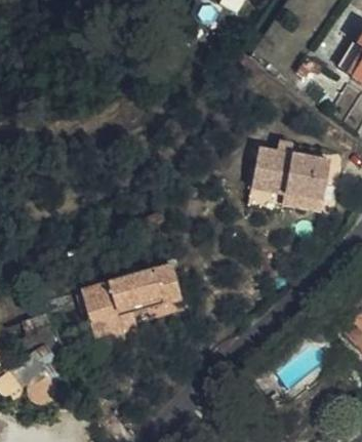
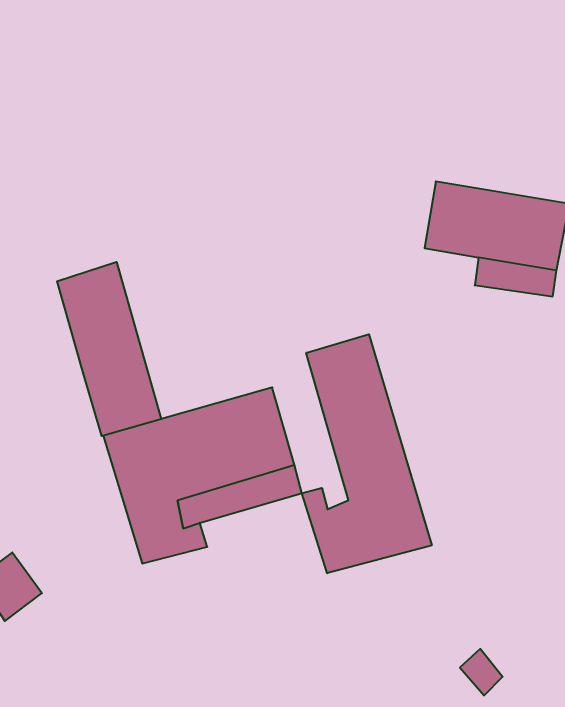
building: none -> [57,262,161,436]
building: none -> [302,334,432,573]

